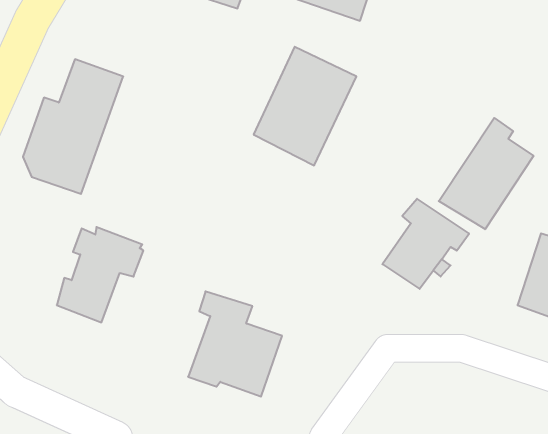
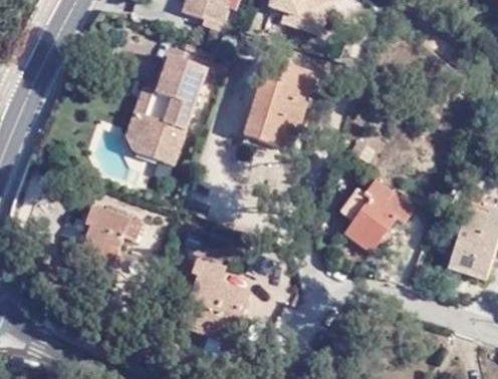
building: [23,59,123,194] -> [128,51,209,160]
building: [439,118,533,229] -> none

